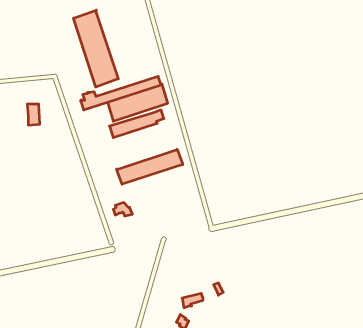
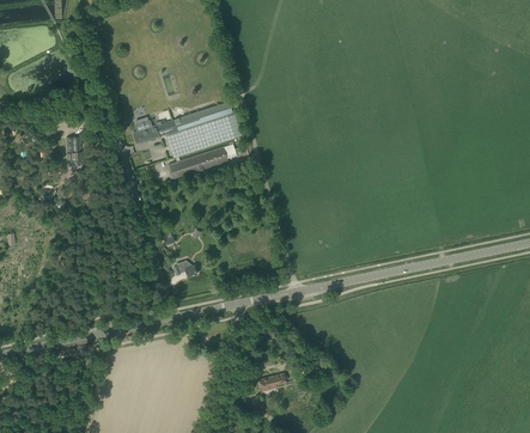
building: [74,10,118,87] -> none
building: [117,149,183,184] -> none

